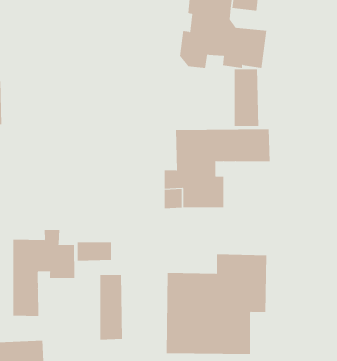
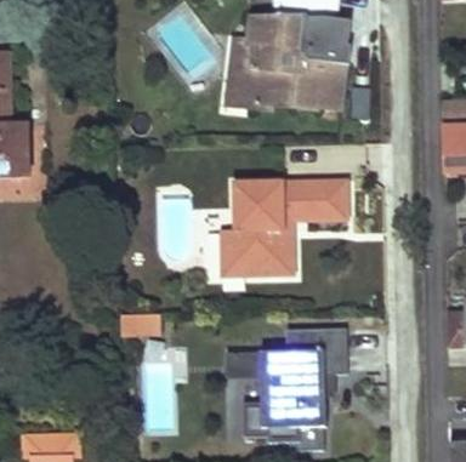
building: [234,68,259,127] -> none
building: [13,229,75,317] -> none

